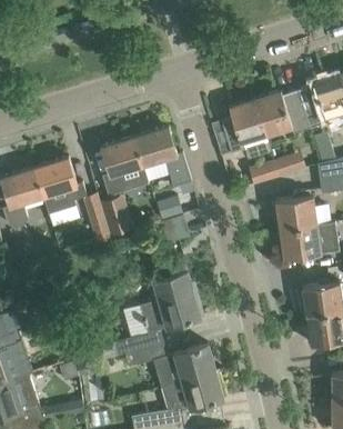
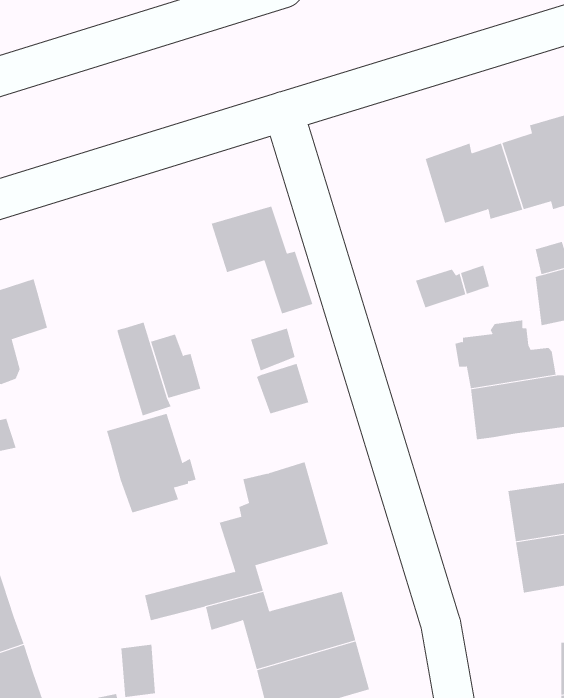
building: [221,100,266,153] -> none
building: [101,137,149,194] -> none
building: [34,158,85,214] -> [106,413,197,513]

